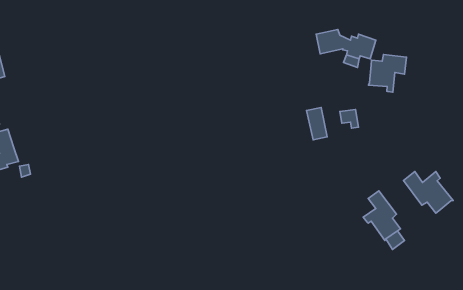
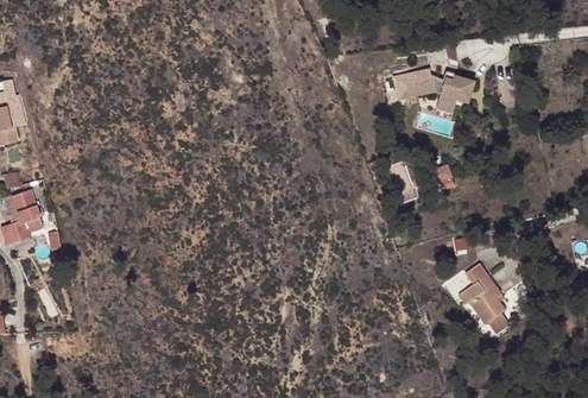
building: [368,54,407,92] -> none
building: [403,172,453,213] -> none

